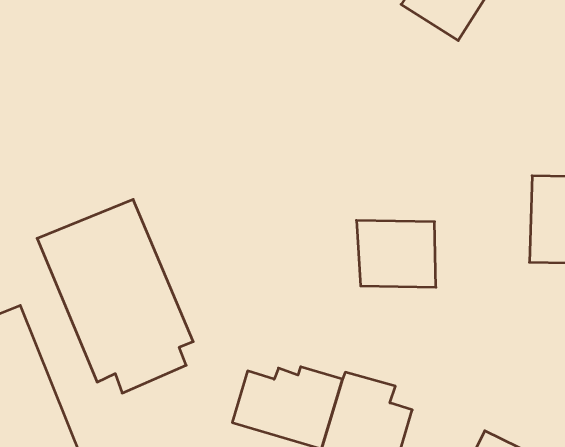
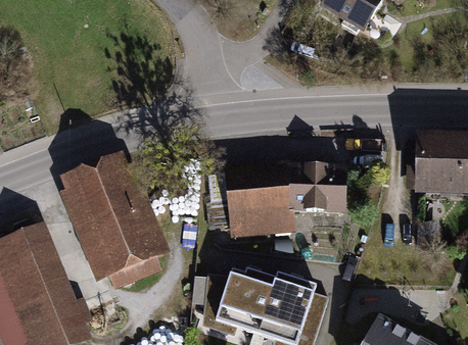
building: none -> [226,163,293,238]

